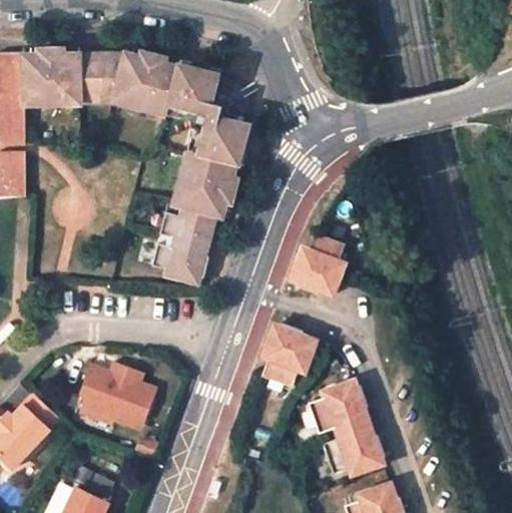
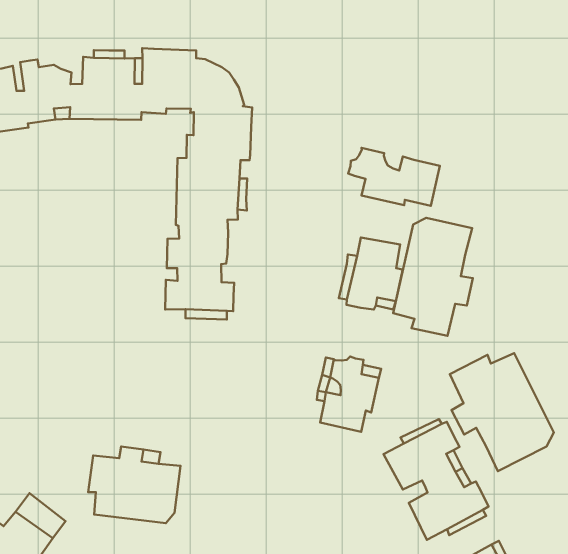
building: none -> [348,148,440,206]
building: none -> [393,218,473,336]
building: none -> [450,353,554,471]

